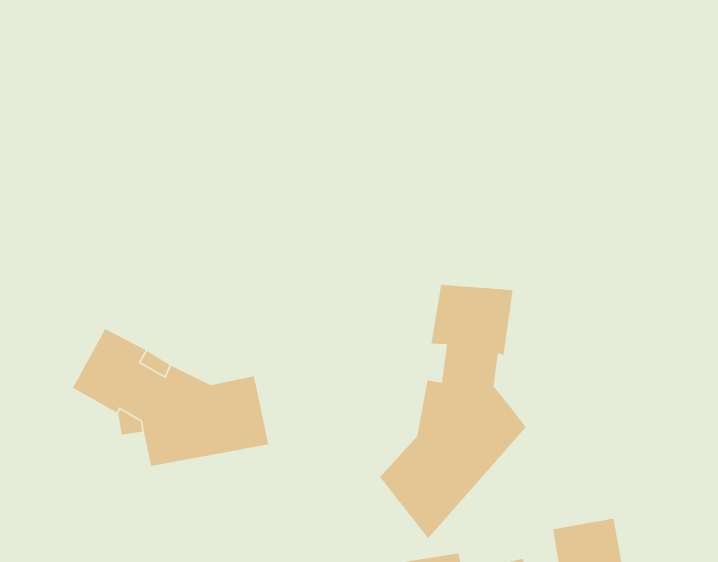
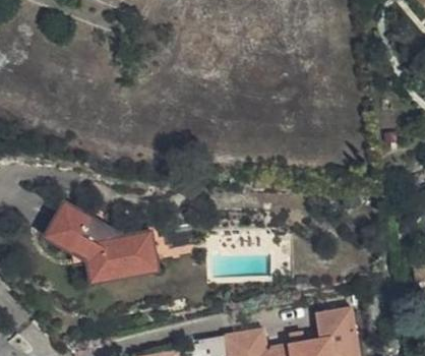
building: [379,284,527,540] -> none

